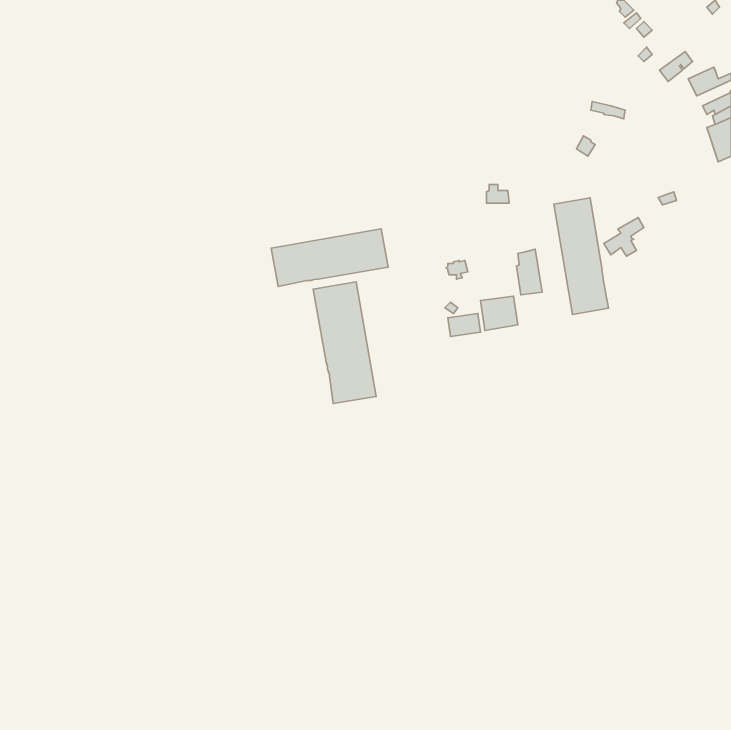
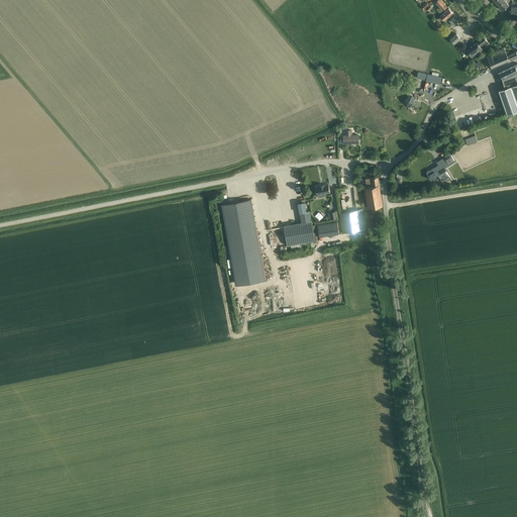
building: [554,198,609,315] -> none
building: [271,229,388,286] -> none
building: none -> [284,204,315,246]

